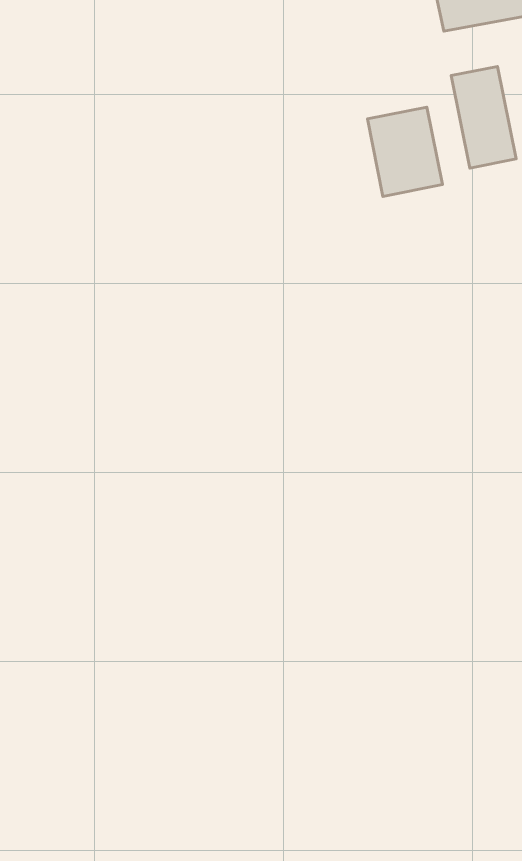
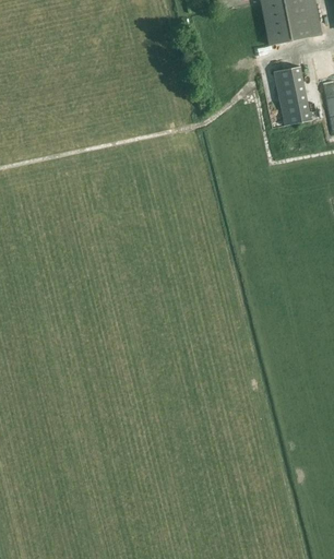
building: [367,107,442,196] -> none

